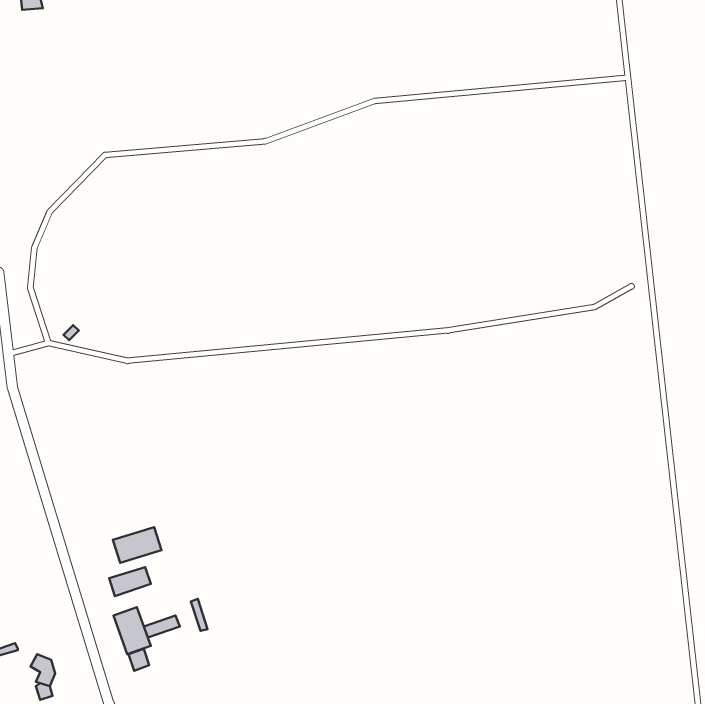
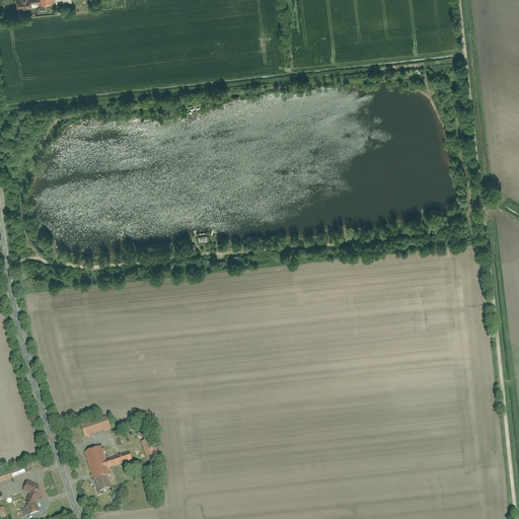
building: [113,527,161,563] -> none

